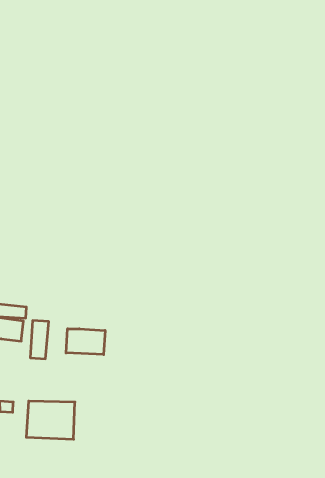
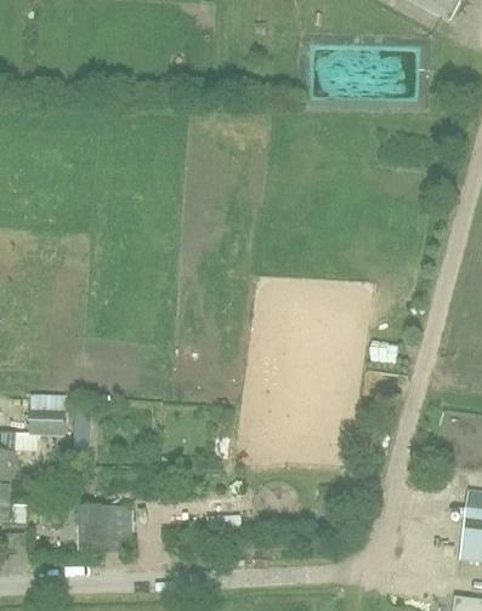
building: [66,329,105,355] -> none

